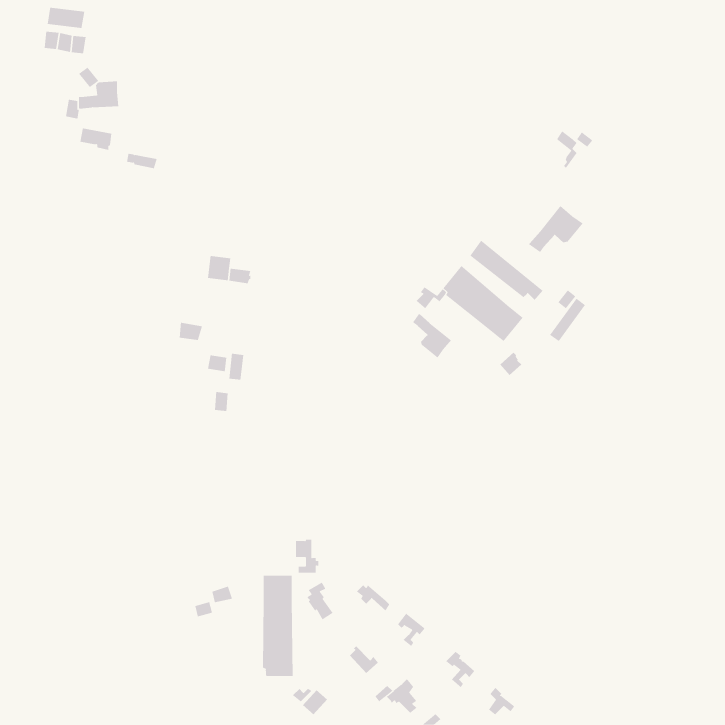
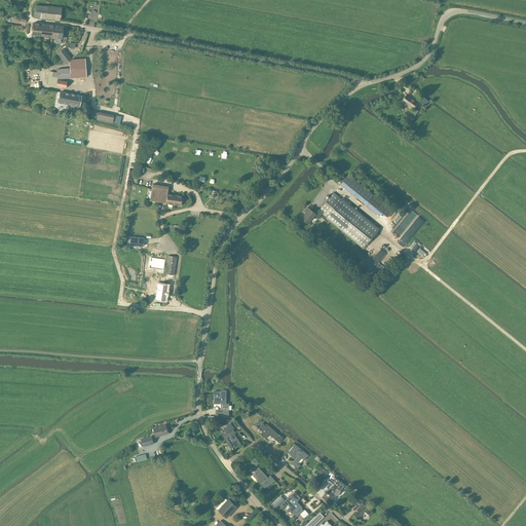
building: [528,205,583,253] -> none
building: [412,313,452,358] -> none
building: [262,575,293,677] -> none

